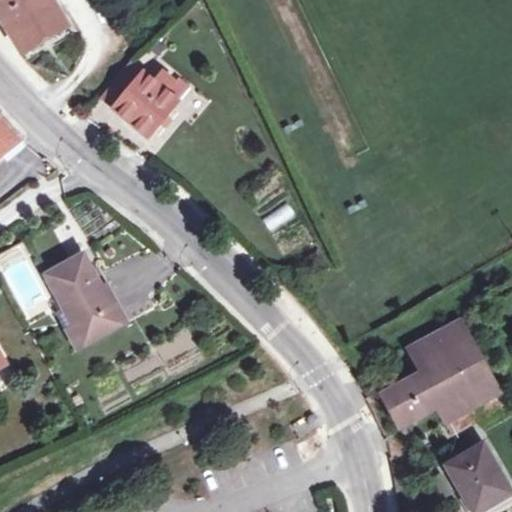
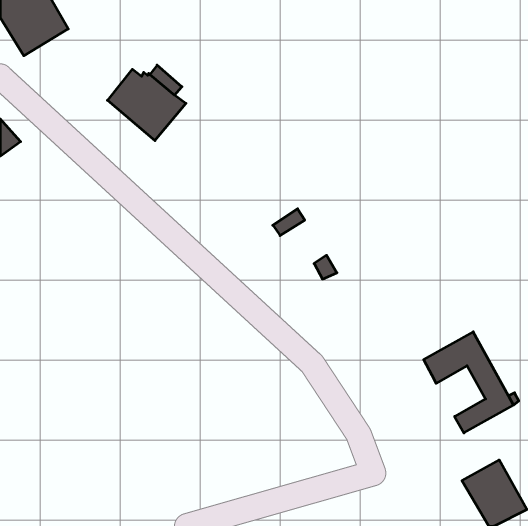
building: [47,257,126,347] -> none
building: [383,354,470,424] -> none

